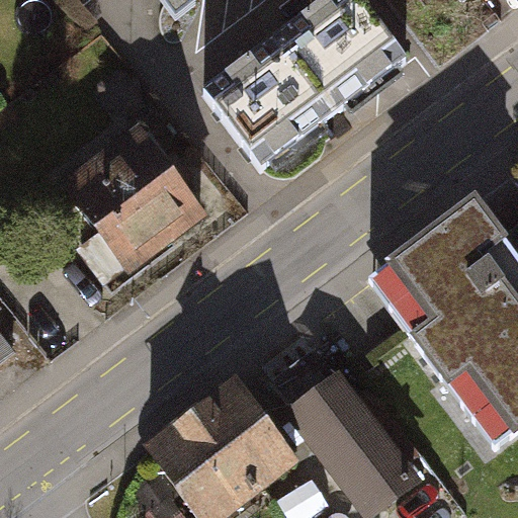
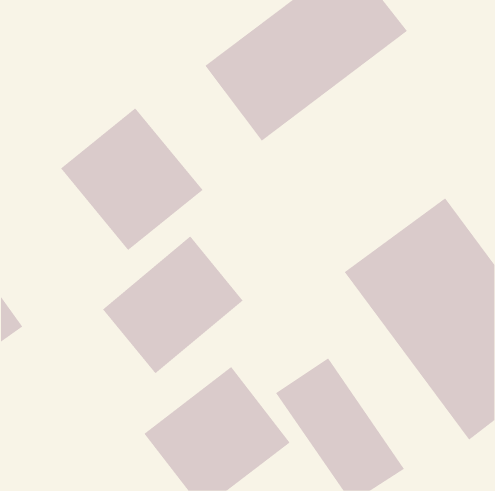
building: none -> [102,236,244,374]

